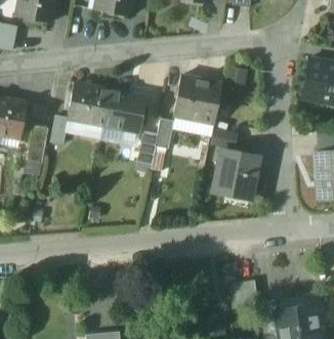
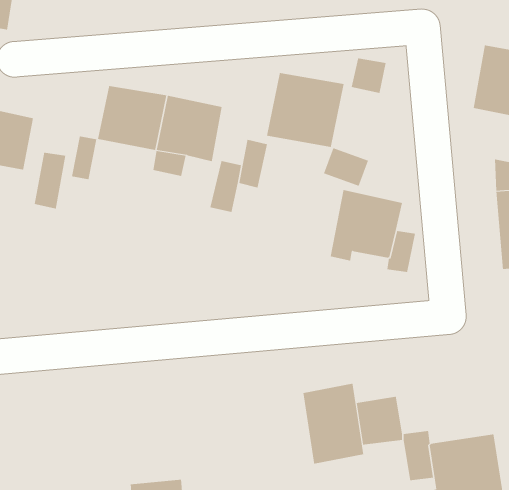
building: none -> [303,383,364,465]

